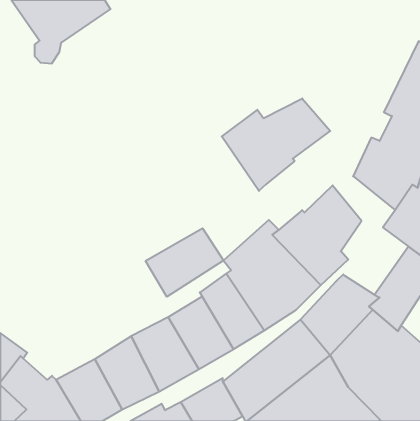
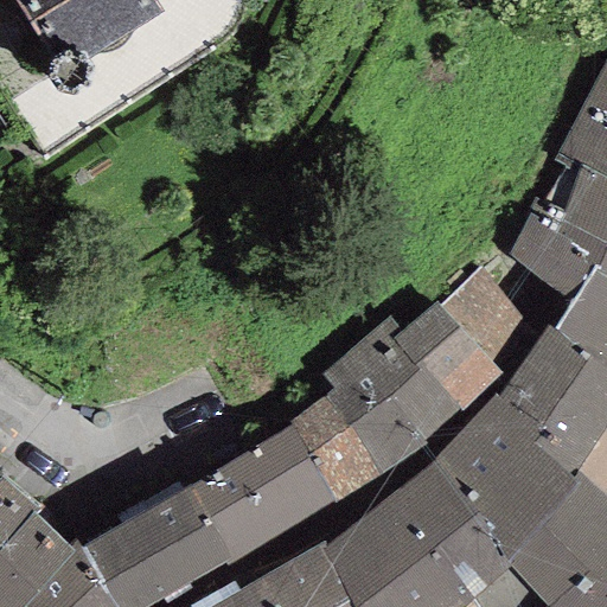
building: [222,98,330,191] -> none
building: none -> [498,324,589,424]
building: [146,228,224,297] -> none

